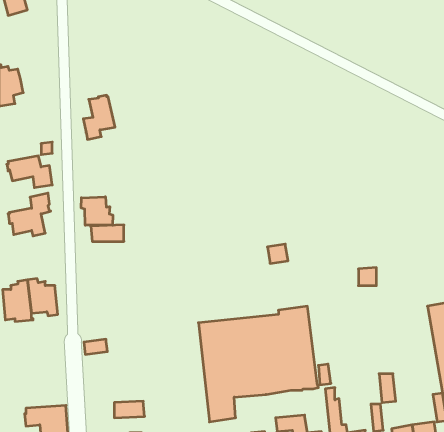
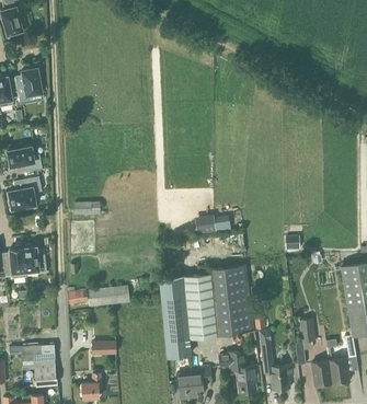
building: [83,95,115,139] -> [18,67,43,102]
building: [81,197,113,225] -> none
building: none -> [88,287,128,307]

